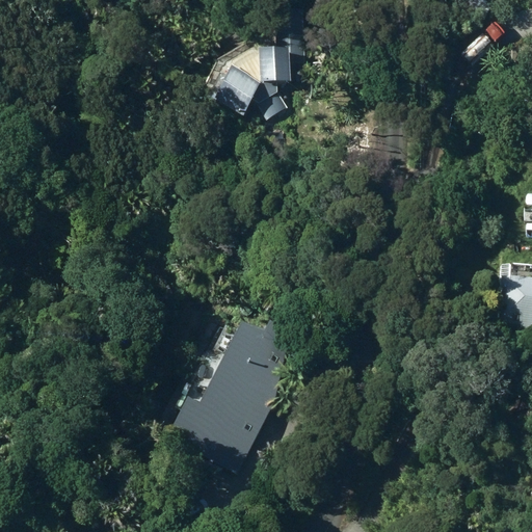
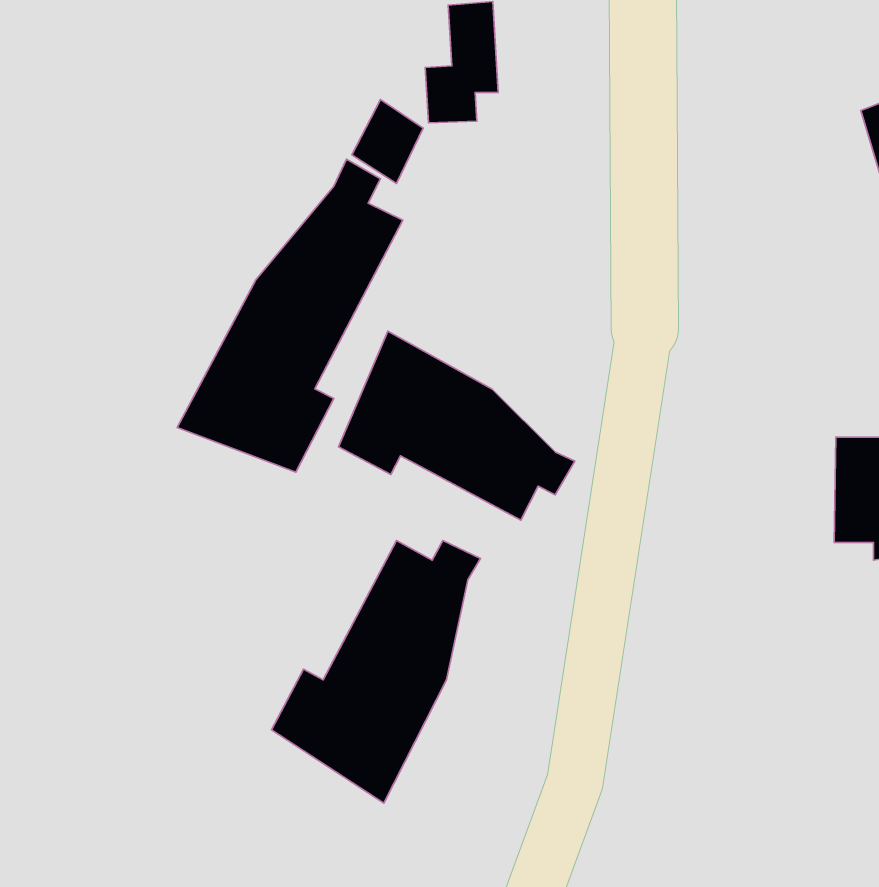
building: none -> [177,159,403,472]
building: none -> [338,331,575,520]

